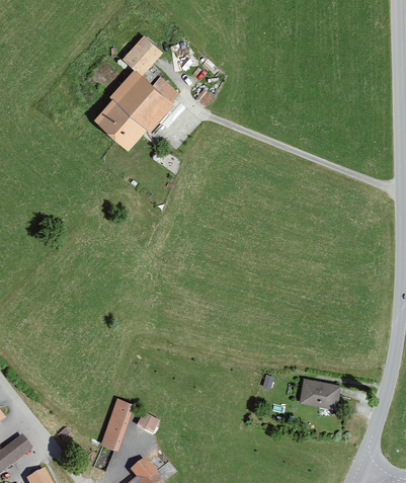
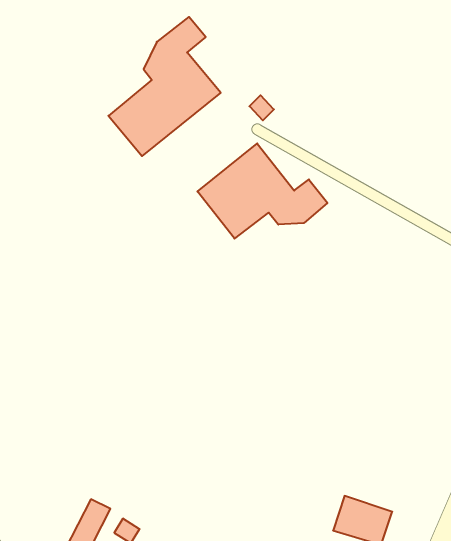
building: none -> [197,143,327,239]

